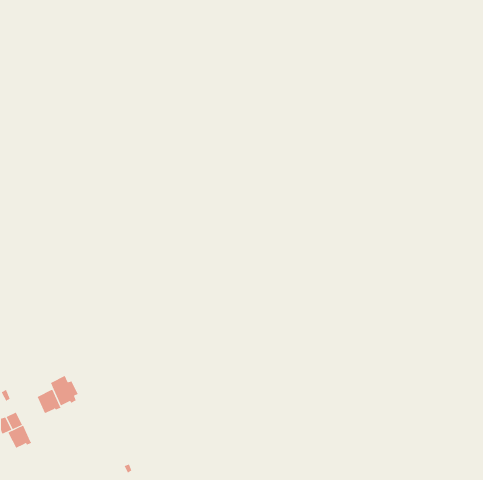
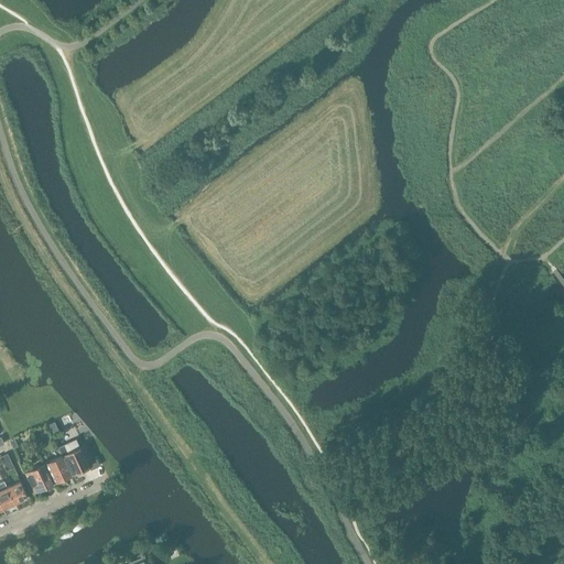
building: [7,425,32,448] -> [24,466,53,494]

